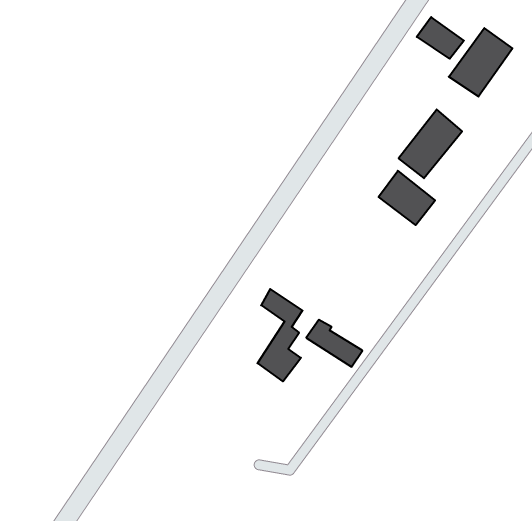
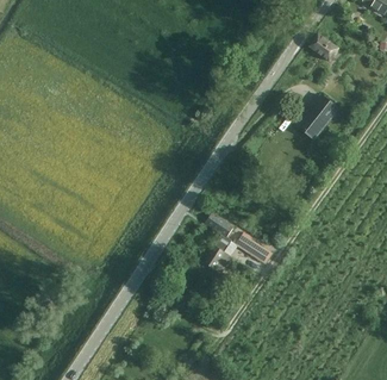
building: [449,28,512,97] -> none
building: [379,171,435,225] -> none

